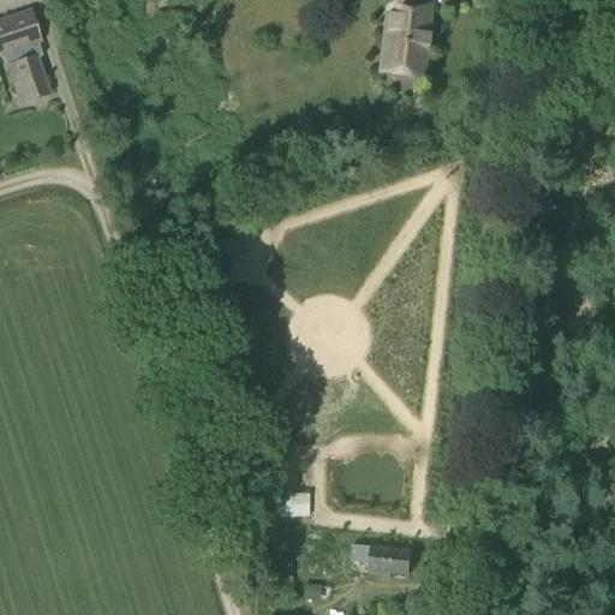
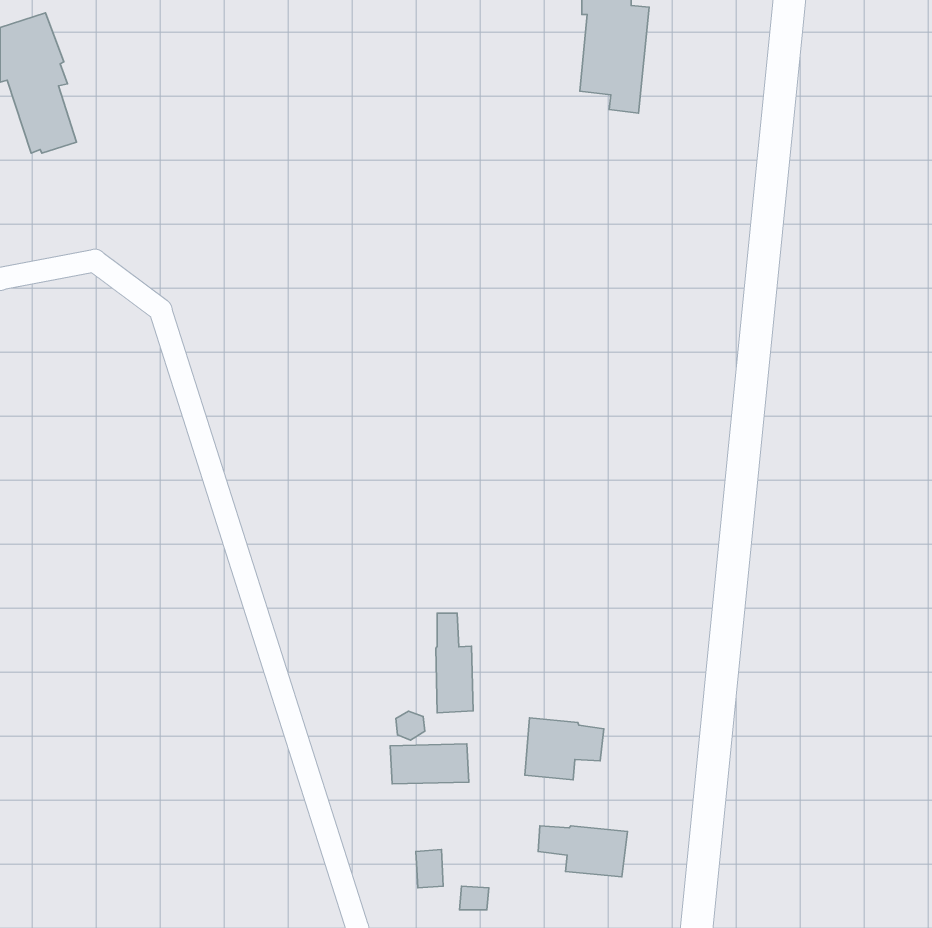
building: none -> [436,613,473,713]
building: none -> [525,718,604,780]

